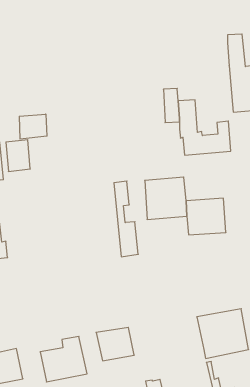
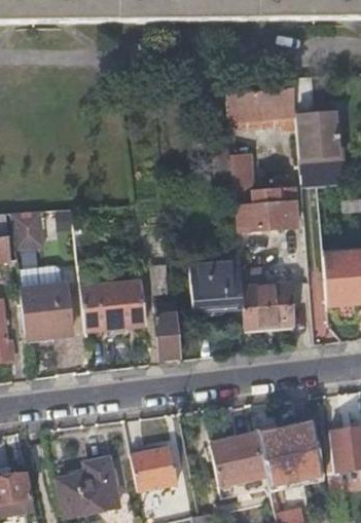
building: none -> [227,86,297,120]
building: [19,114,47,139] -> none
building: none -> [79,255,147,335]
building: none -> [22,283,73,341]
building: none -> [209,433,265,483]

